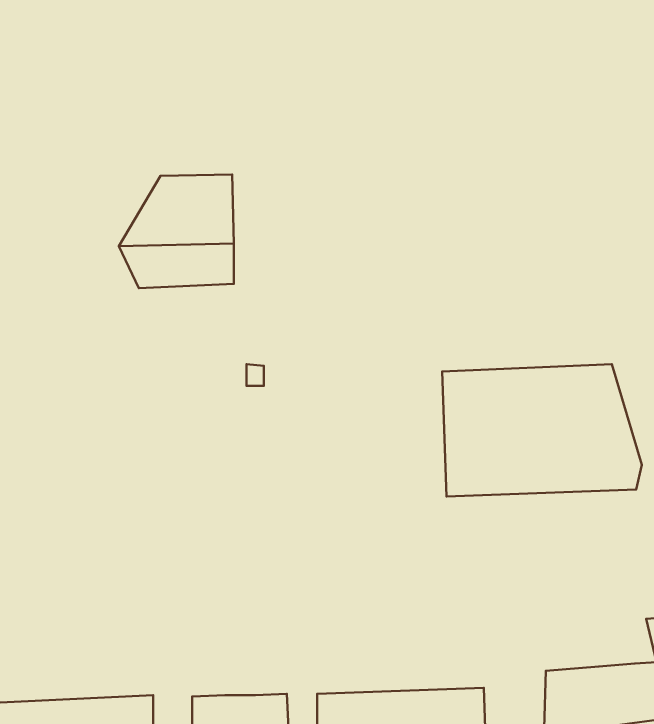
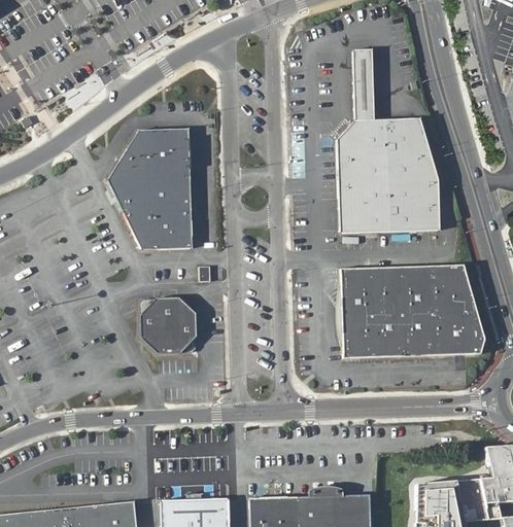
building: none -> [338,48,440,234]
building: none -> [123,207,193,249]
building: none -> [140,300,196,355]

